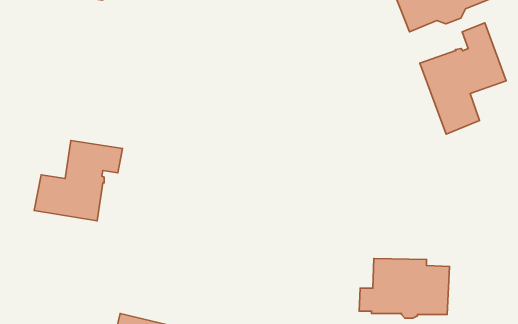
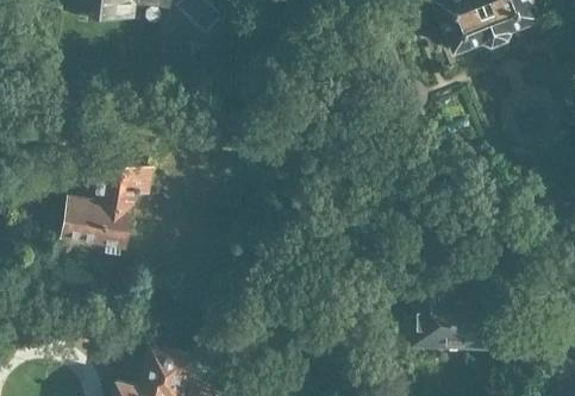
building: [420,23,506,134] -> none

